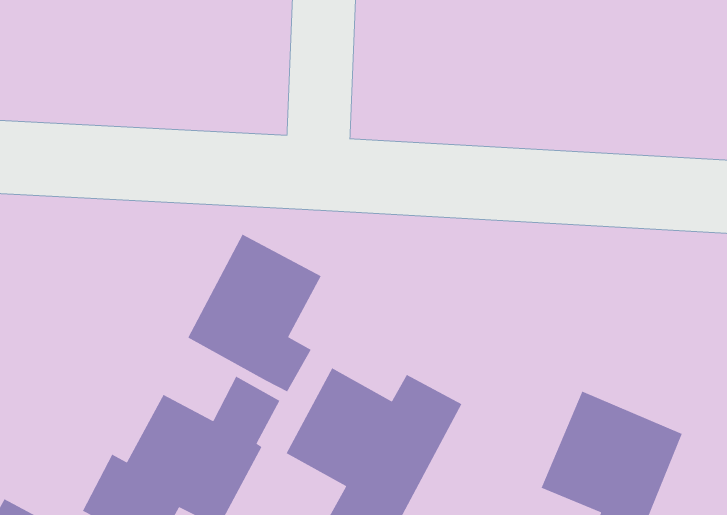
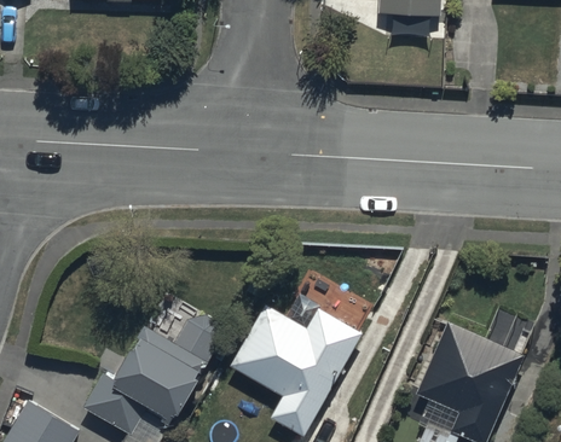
building: [187,234,322,392] -> none

